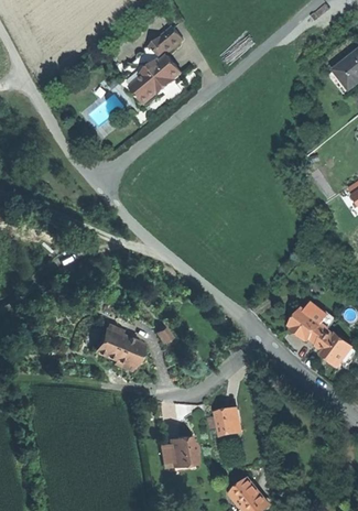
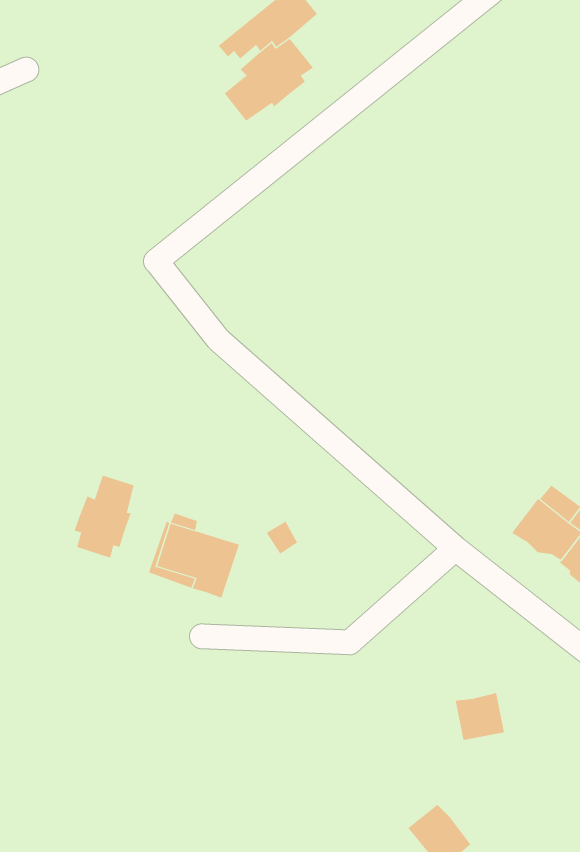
building: none -> [74,475,134,559]
building: [215,409,242,435] -> [455,693,505,741]
building: [166,431,193,460] -> none

